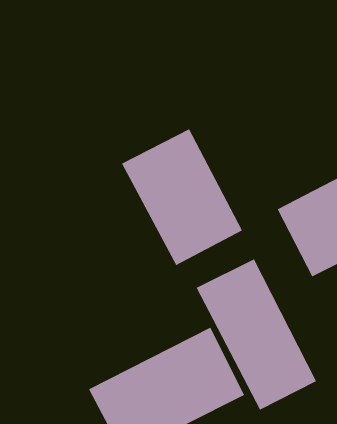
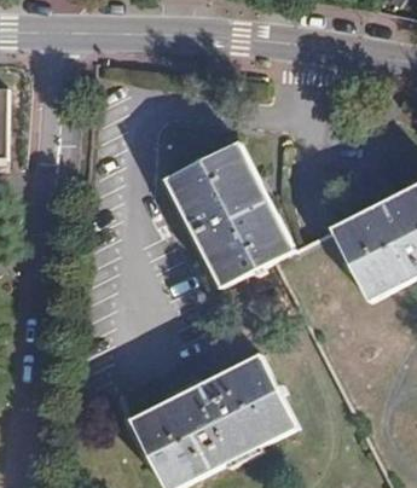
building: [196,258,317,410] -> none

